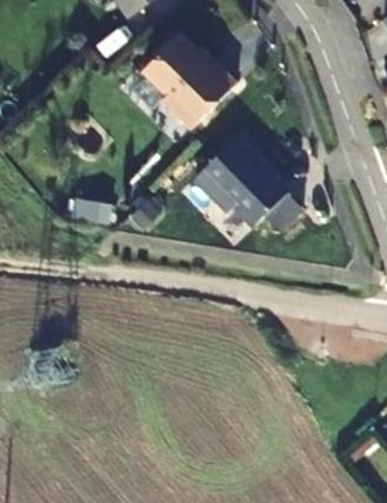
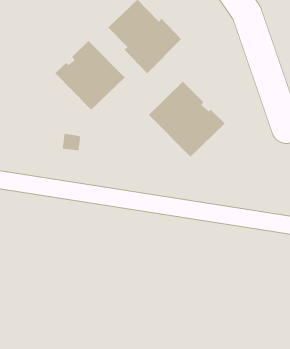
building: none -> [55,40,125,110]

